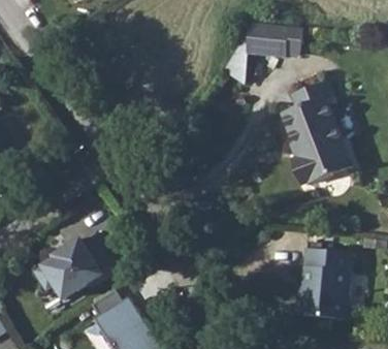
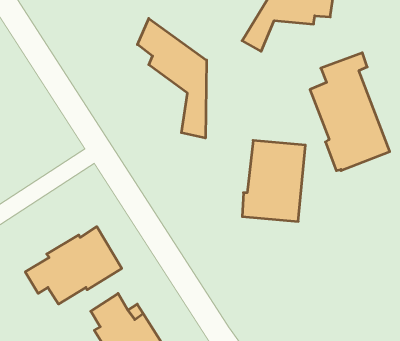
building: none -> [137,18,207,138]
building: [296,248,351,318] -> [242,140,305,221]

